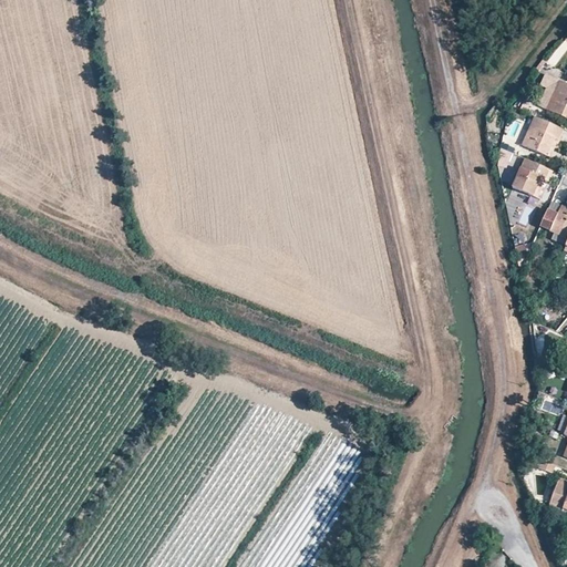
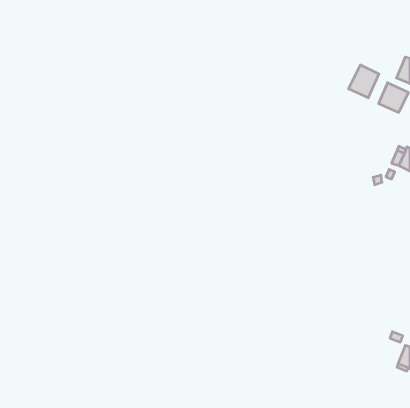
building: none -> [349,65,379,98]
building: [512,156,549,195] -> none

